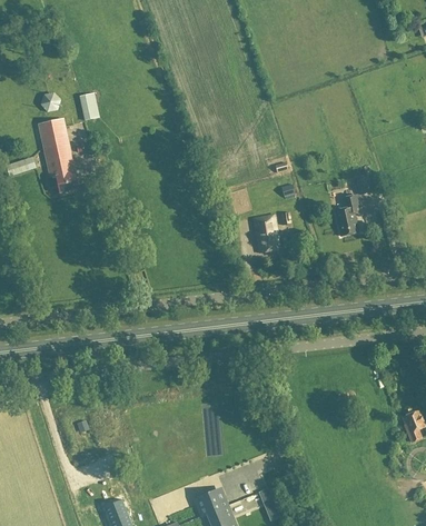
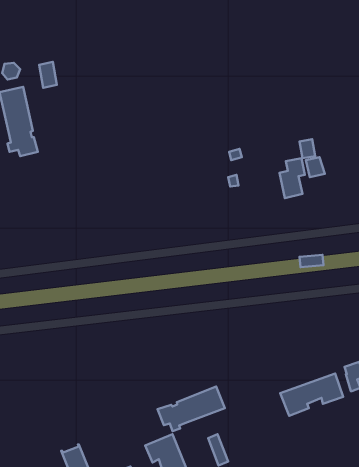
building: [254,214,280,251] -> none
building: none -> [280,374,343,416]
building: none -> [158,387,225,431]

